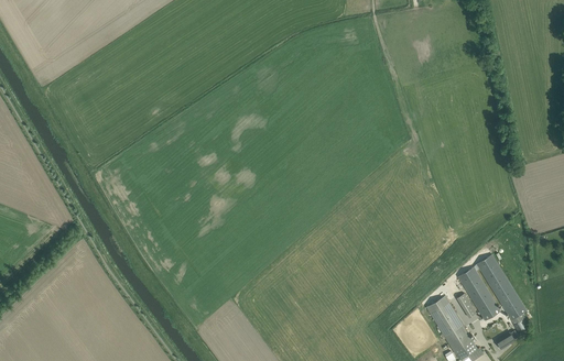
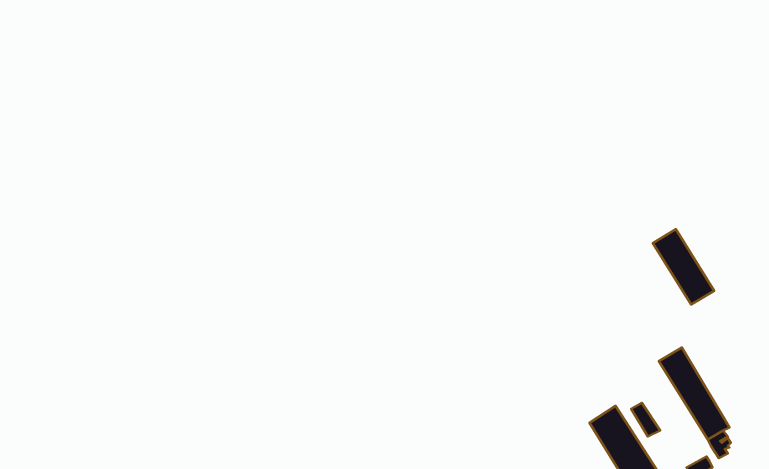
building: [457,267,501,321] -> [653,229,714,305]

